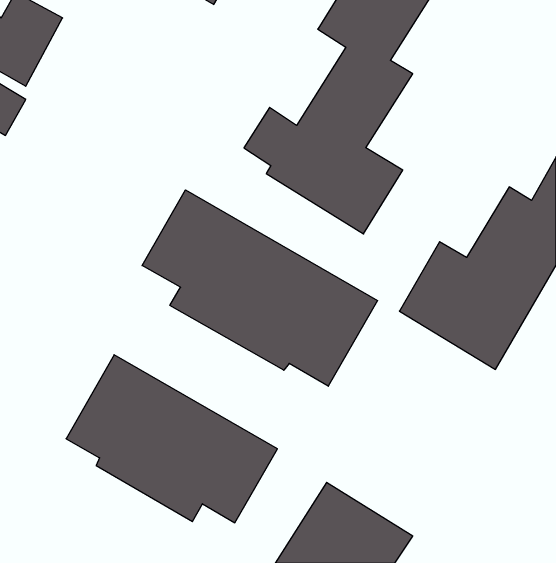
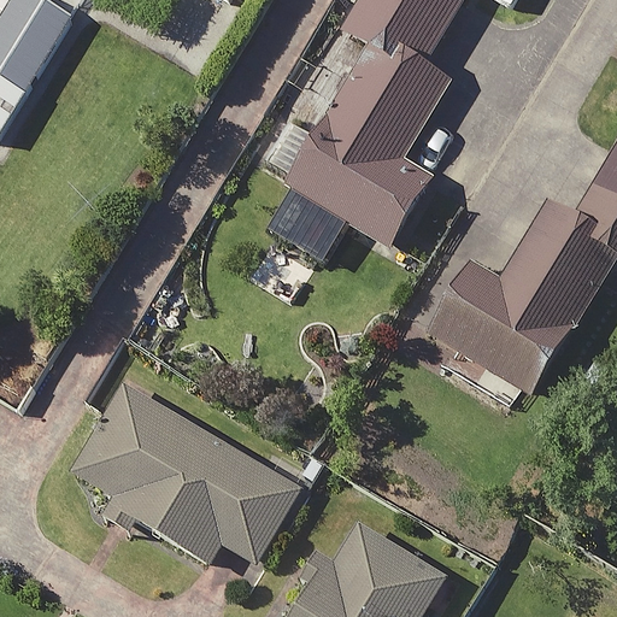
building: [142,190,378,386] -> none

